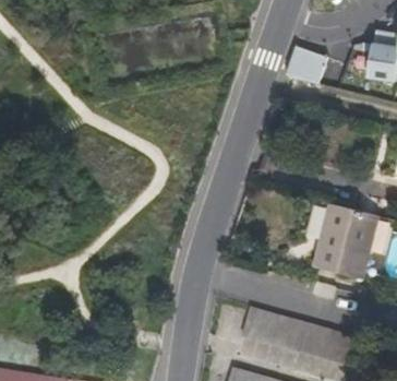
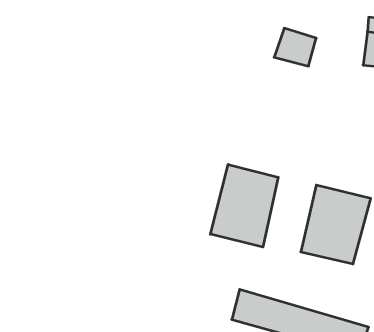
building: none -> [210,164,278,247]

